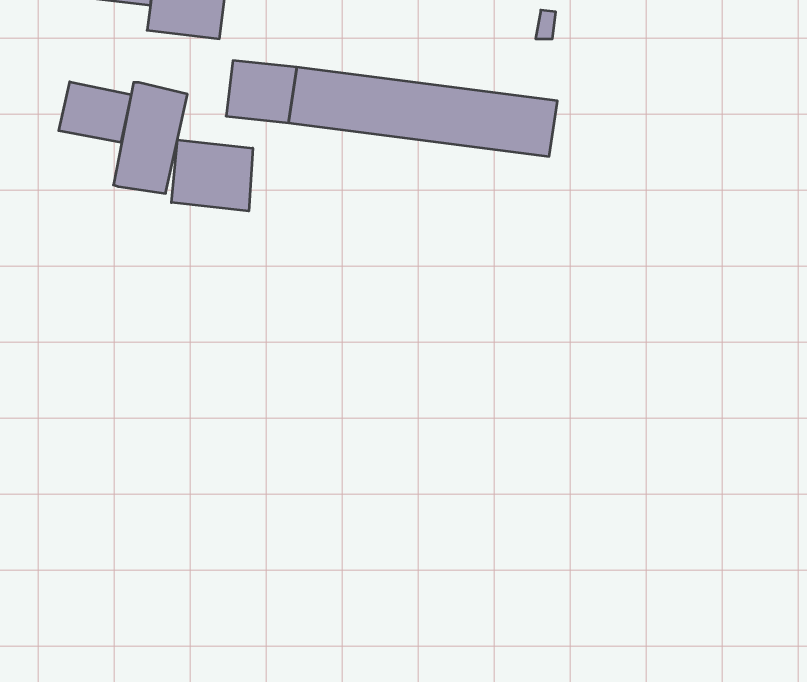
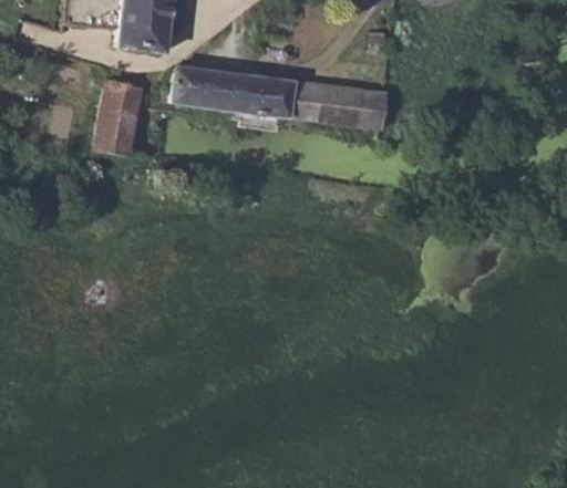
building: [59,82,131,142] -> none
building: [171,140,253,211] -> none

